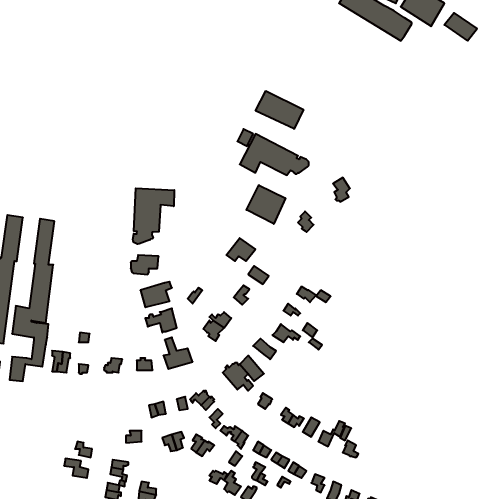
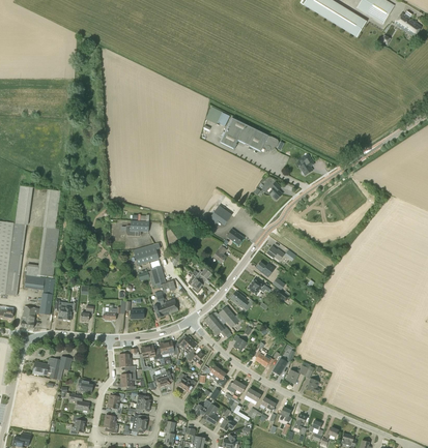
building: [256,91,303,129] -> none
building: [246,185,285,224] -> none
building: [133,188,174,244] -> none
building: none -> [33,356,72,380]

